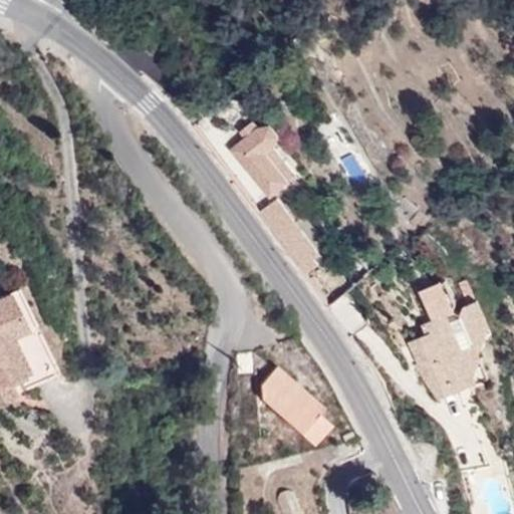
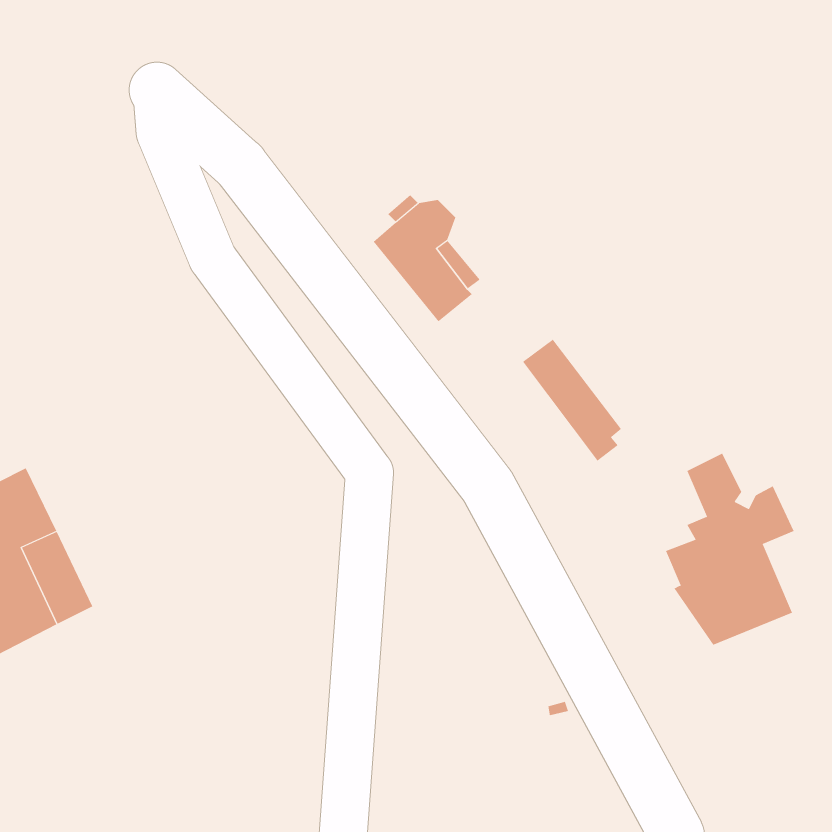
building: [258,199,319,274] -> [522,339,622,462]
building: [259,368,329,444] -> none

